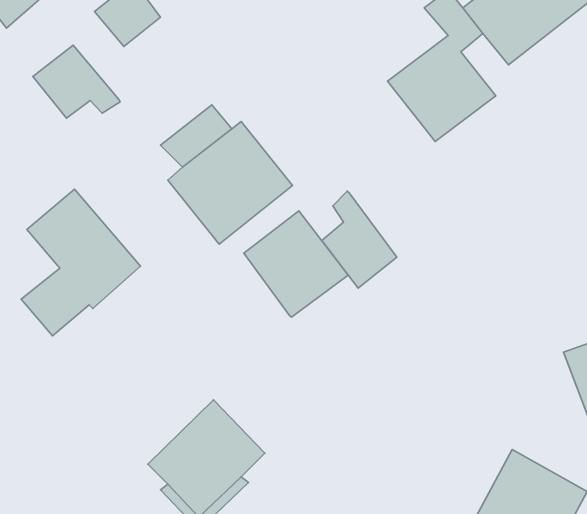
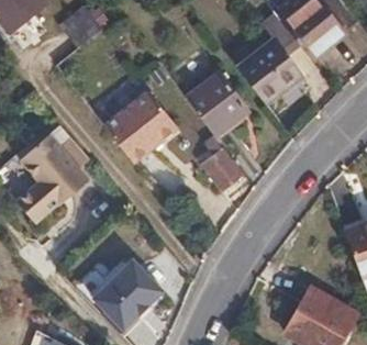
building: [33,45,120,118] -> none
building: [244,211,348,317] -> [185,70,247,134]

